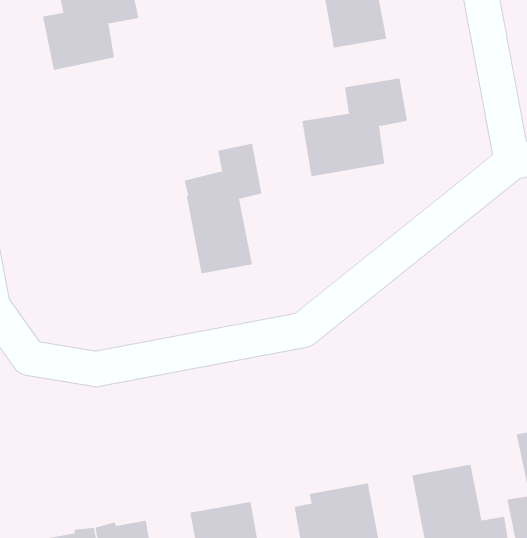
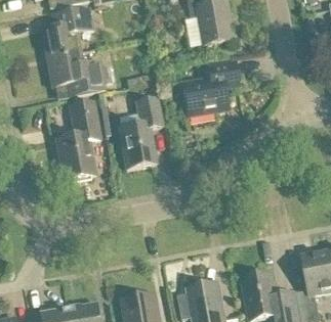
building: none -> [47,49,111,91]
building: none -> [56,98,101,179]

